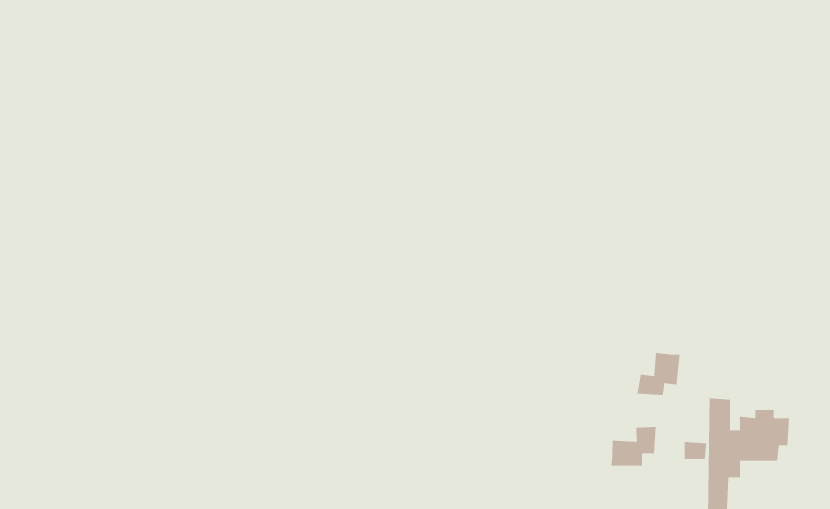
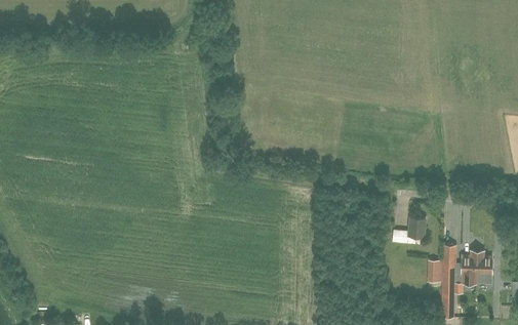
building: [610,426,656,466] -> none

